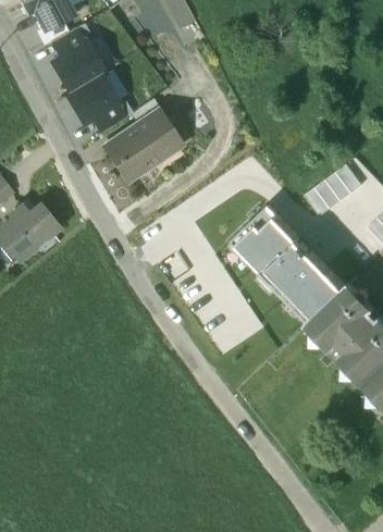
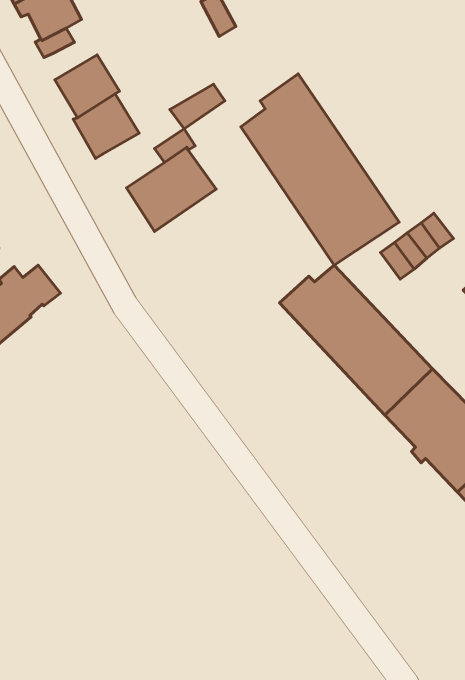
building: [51,26,92,59] -> none
building: none -> [241,74,399,265]
building: [89,101,132,136] -> [170,84,225,129]

